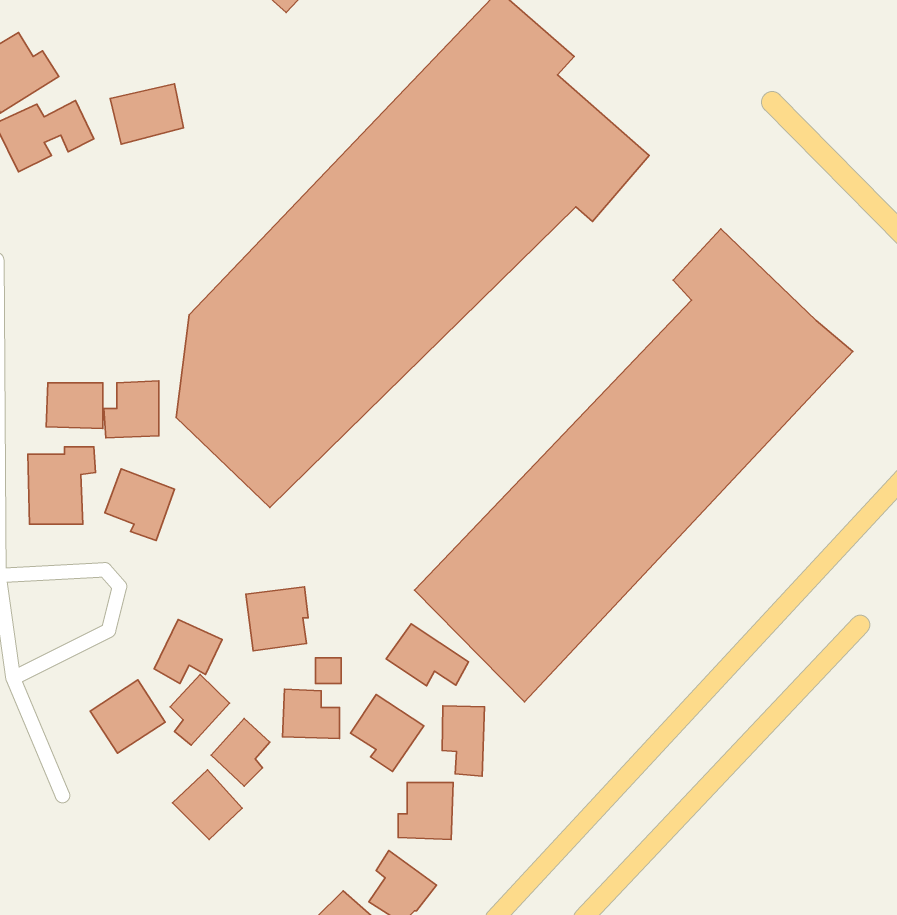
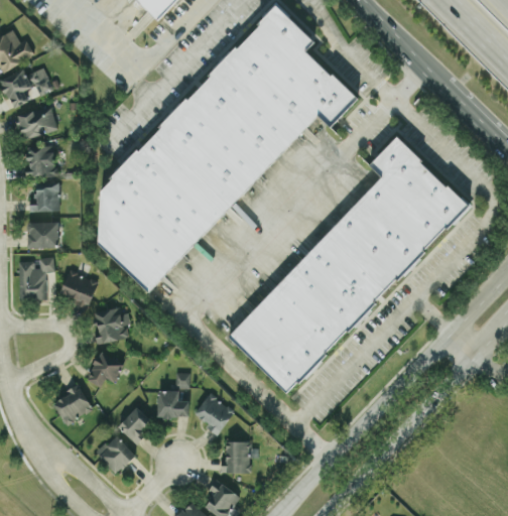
building: [110,84,184,144] -> [15,106,55,139]
building: none -> [25,145,54,176]
building: [104,381,159,438] -> [28,180,58,212]
building: [246,587,308,651] -> [94,307,128,343]
building: [386,624,468,686] -> none
building: [170,675,230,745] -> none
building: [442,706,484,776] -> none

